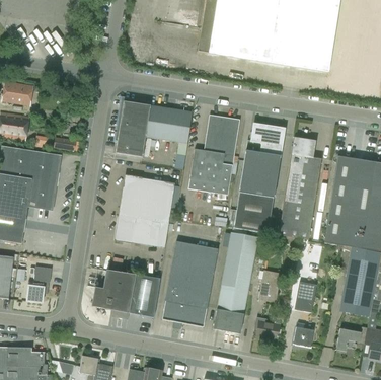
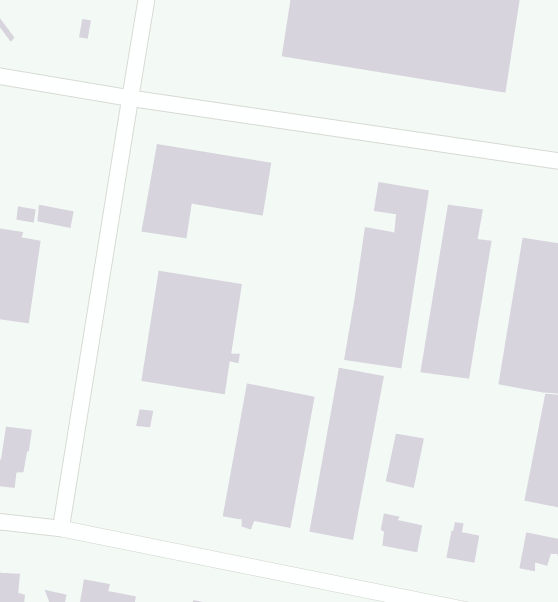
building: [188,113,240,194] -> none
building: [92,269,161,317] -> none
building: [295,272,316,311] -> none

